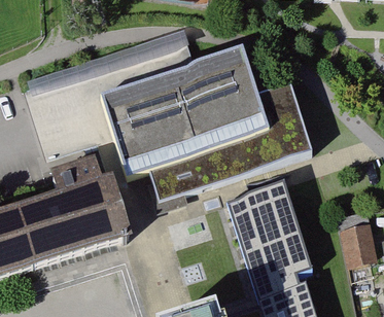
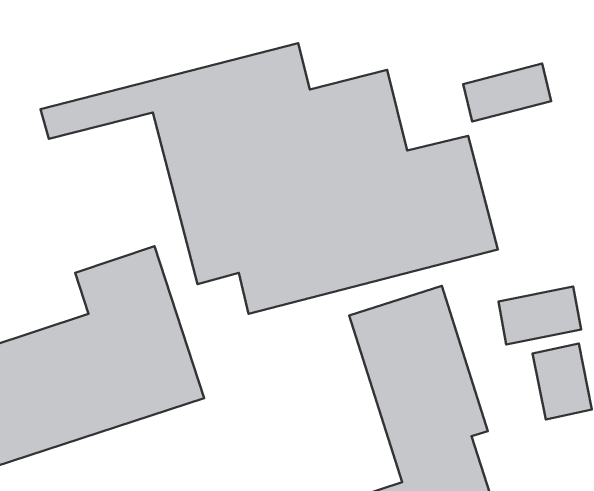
building: none -> [463,64,551,121]
building: none -> [498,287,581,344]

